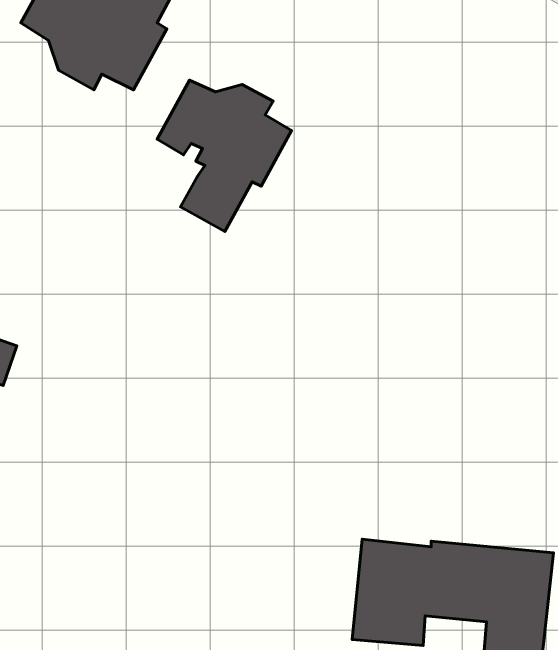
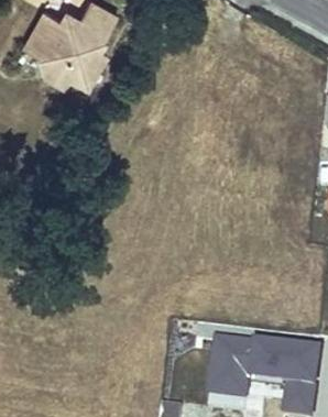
building: [157,80,291,231] -> none

